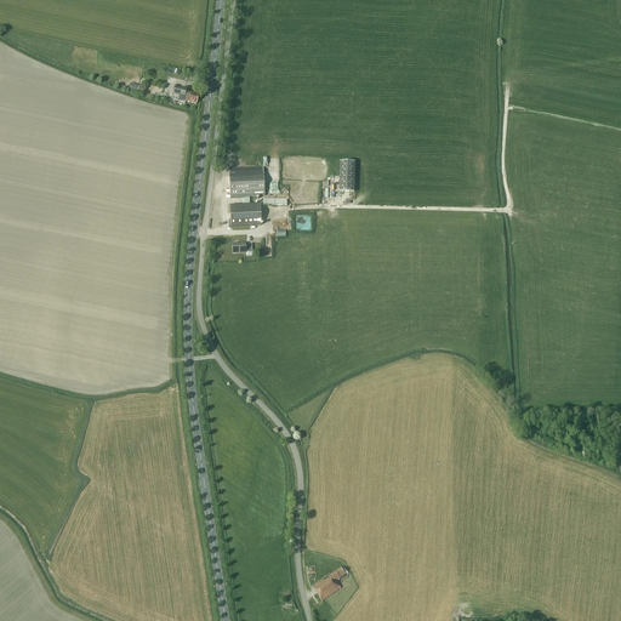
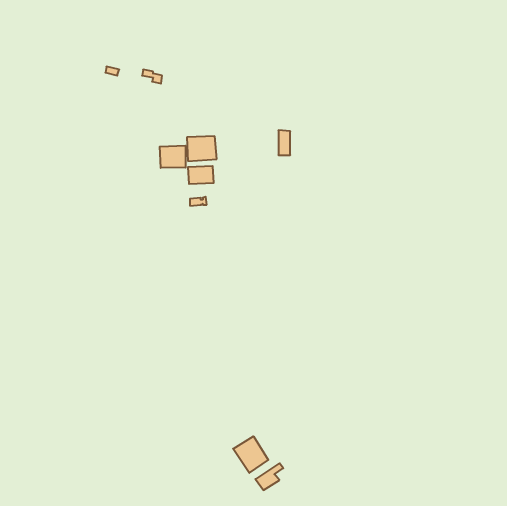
building: none -> [160,146,186,168]
building: none -> [233,436,268,473]

